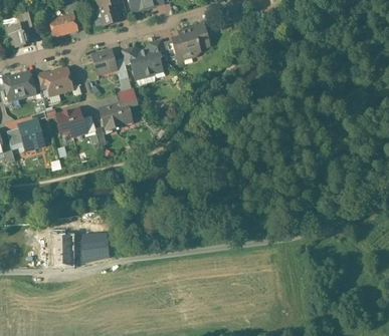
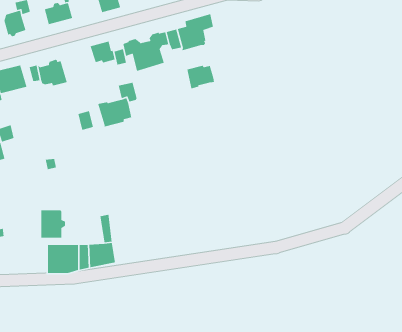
building: none -> [186,65,215,89]
building: [57,108,84,132] -> none
building: [20,118,44,147] -> none
building: none -> [40,208,66,238]

